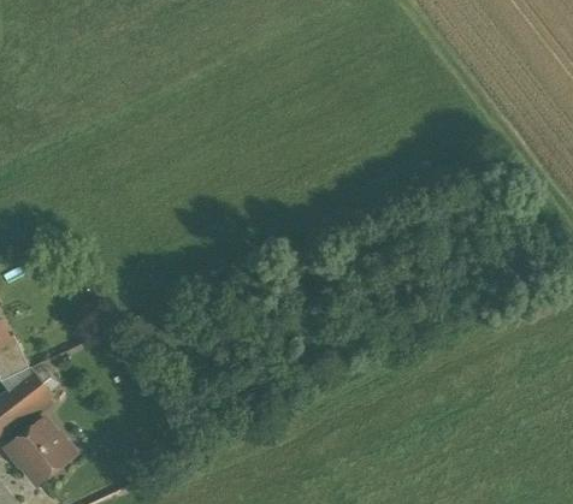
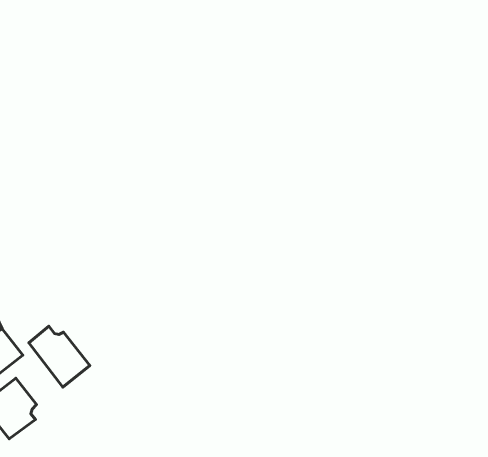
building: none -> [29,326,90,387]

